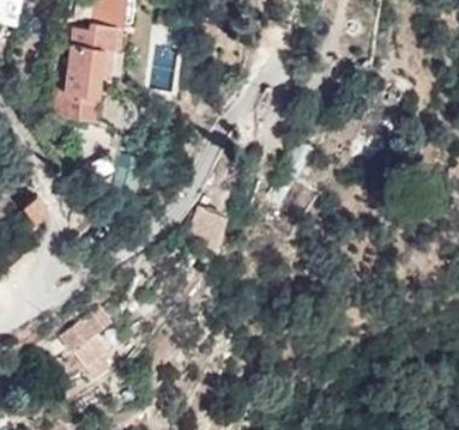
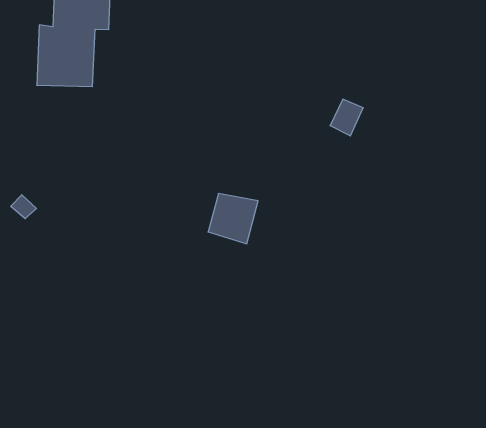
building: [64,305,114,374] -> none

